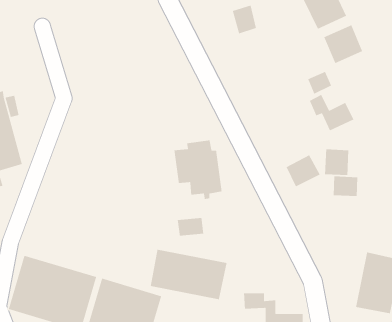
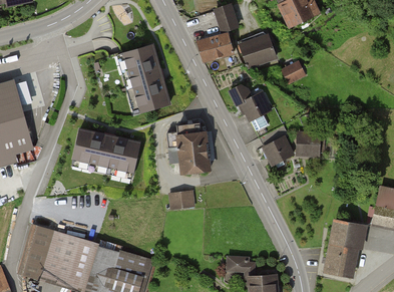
building: [323,24,363,64] -> [239,33,274,68]
building: none -> [202,35,234,60]
building: none -> [122,45,167,112]
building: [309,94,355,131] -> [233,85,273,118]
building: [333,176,358,197] -> none
building: [150,249,228,300] -> [72,132,140,178]

